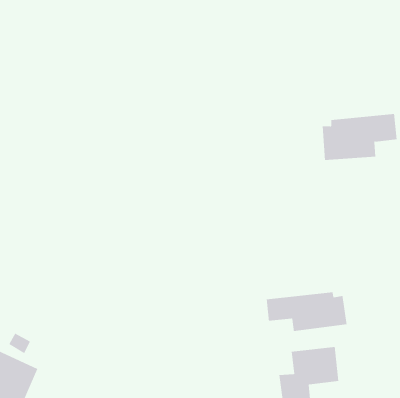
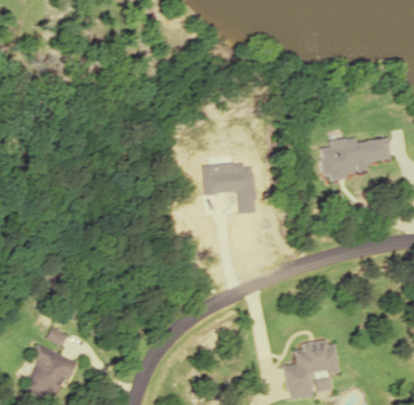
building: [266,291,347,332] -> none

